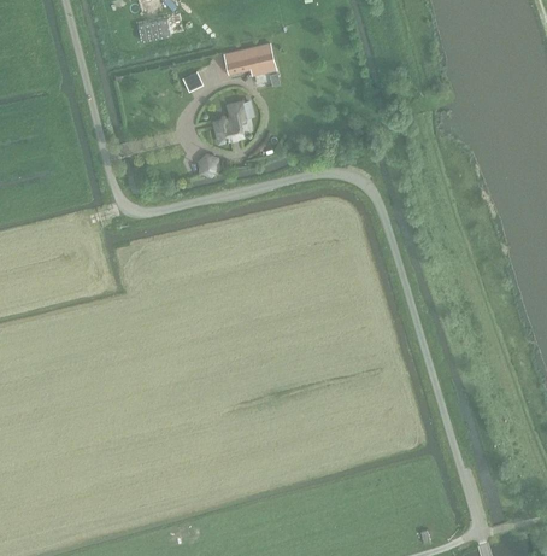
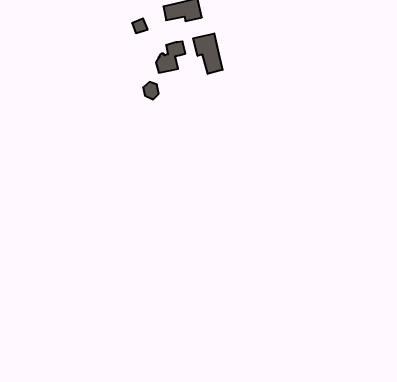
building: none -> [193,33,223,74]

